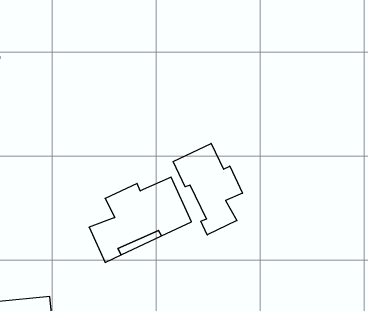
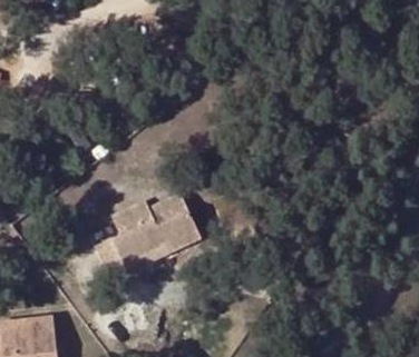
building: [173,143,242,235] -> none

